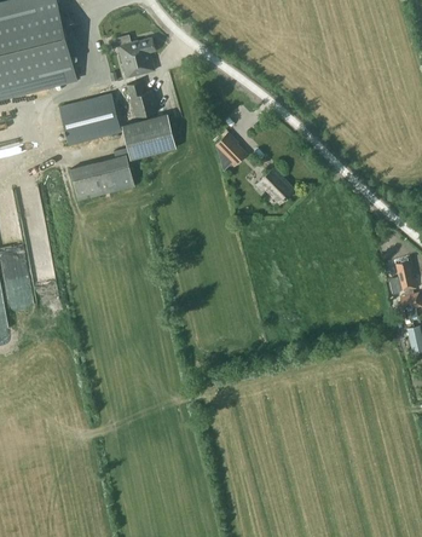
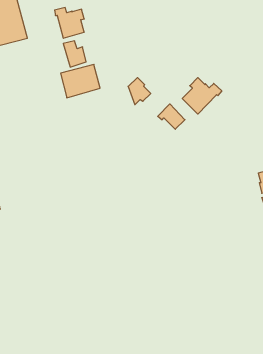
building: [58,93,120,144] -> none
building: none -> [182,78,222,114]
building: [68,148,133,201] -> none

